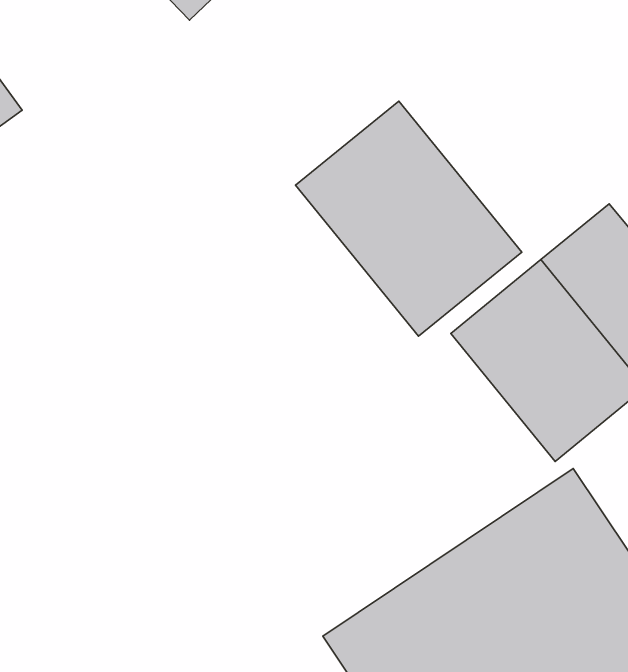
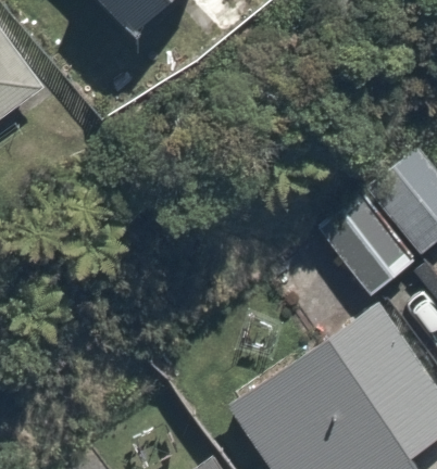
building: [295,101,522,336] -> none

